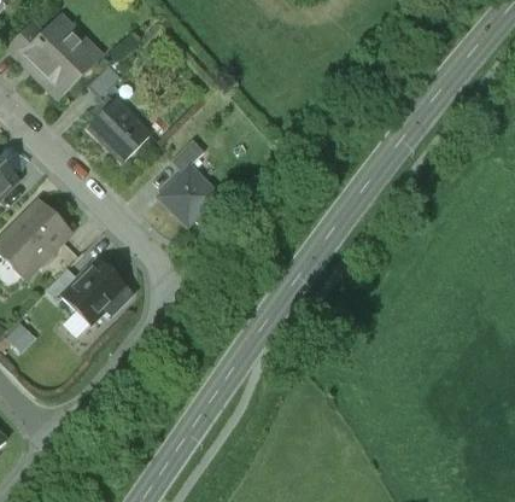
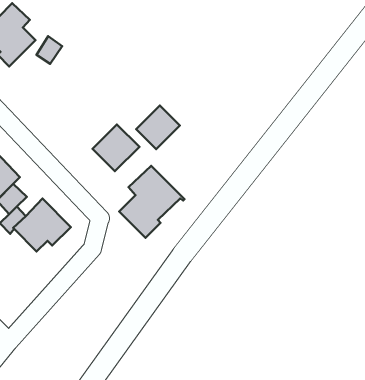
building: [89,99,150,159] -> none
building: none -> [136,106,180,149]
building: none -> [119,166,184,238]

